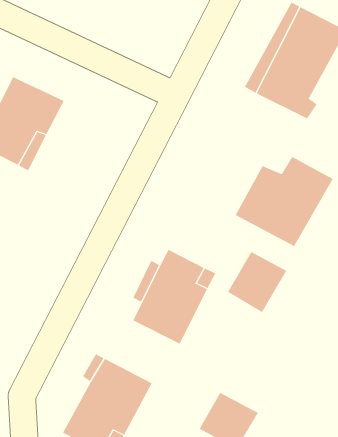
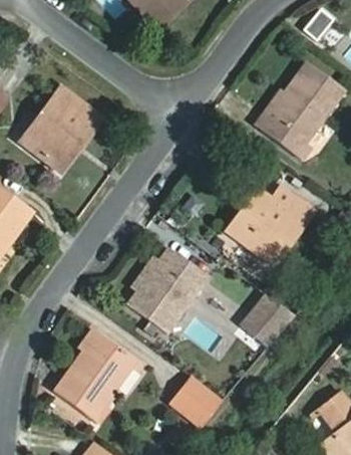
building: [227,251,287,313] -> [241,294,294,348]

